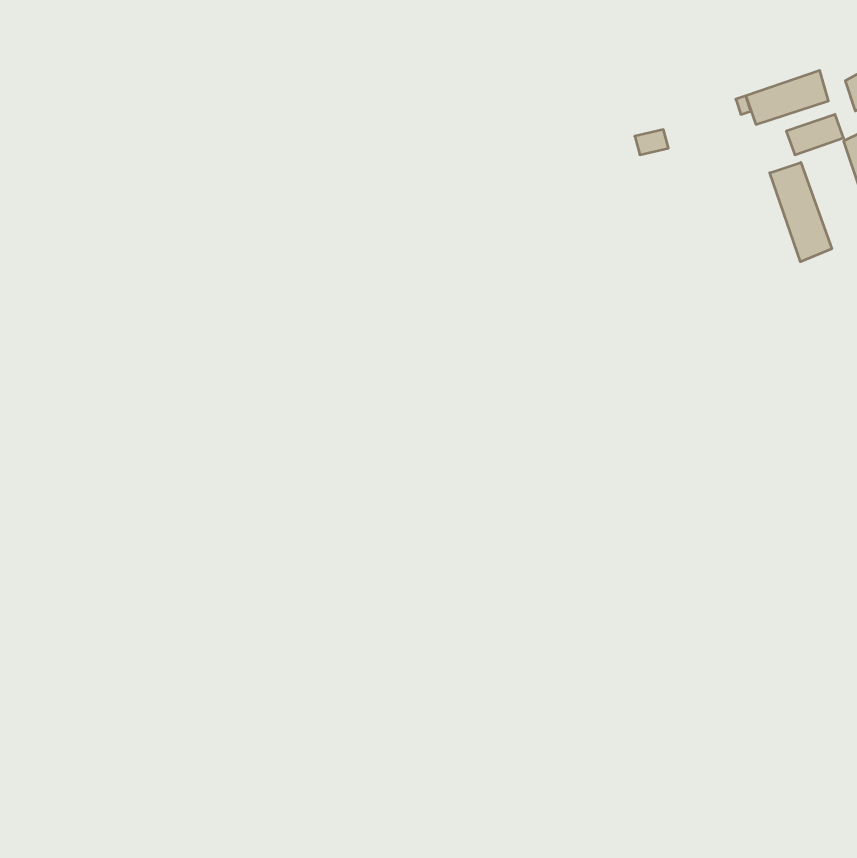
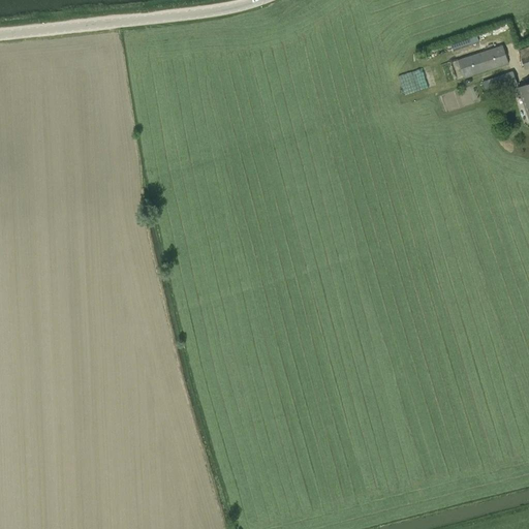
building: [770,162,832,262] -> none

